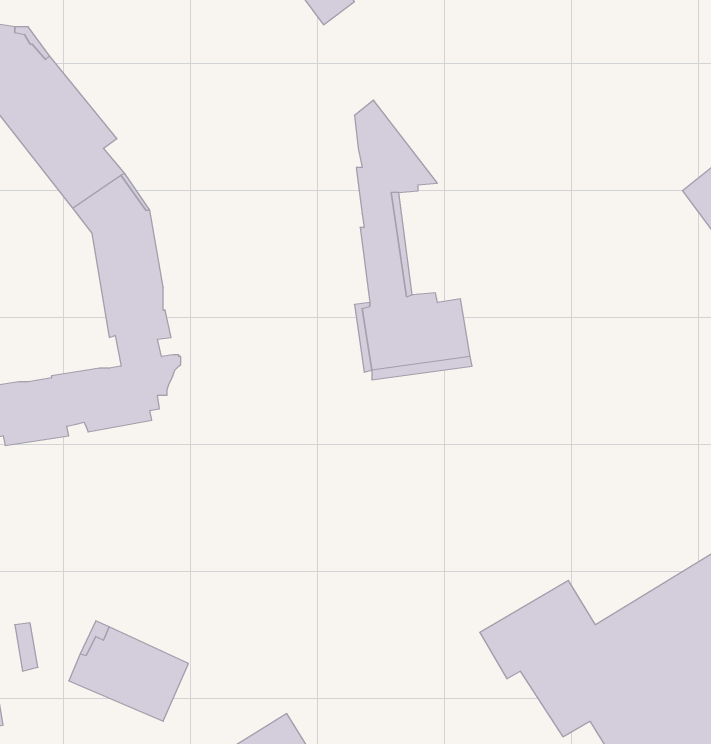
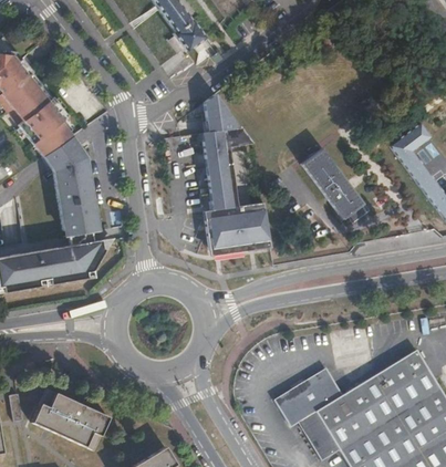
building: none -> [301,147,369,220]

